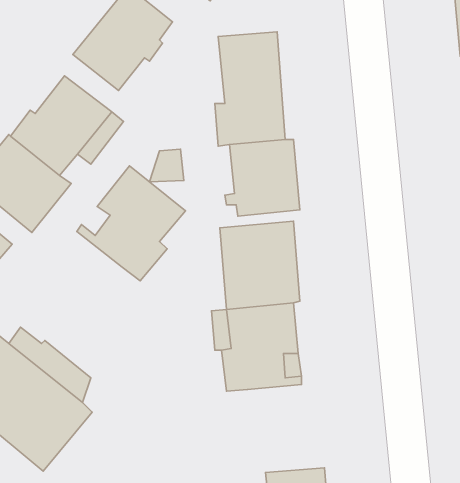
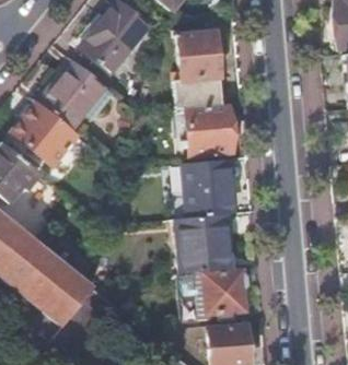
building: [77,166,186,281] -> none
building: none -> [182,270,247,321]

